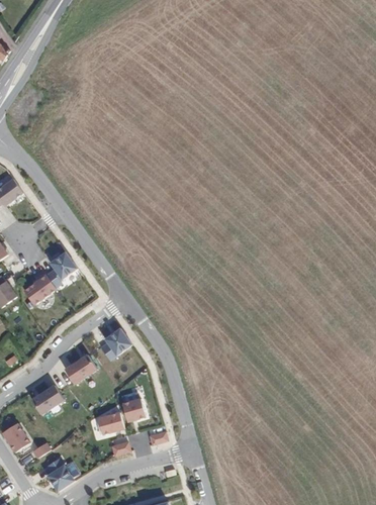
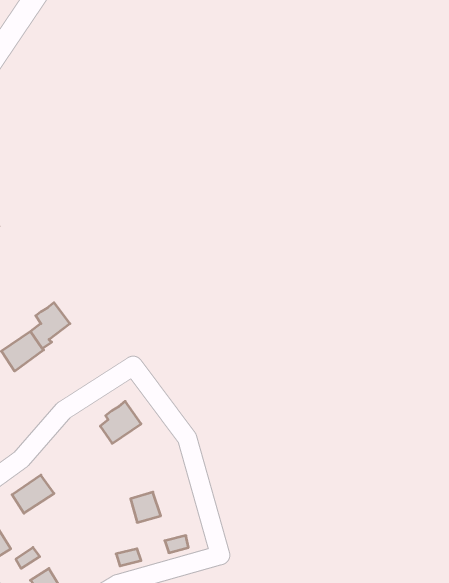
building: [64,354,97,384] -> none
building: [97,412,124,434] -> none

